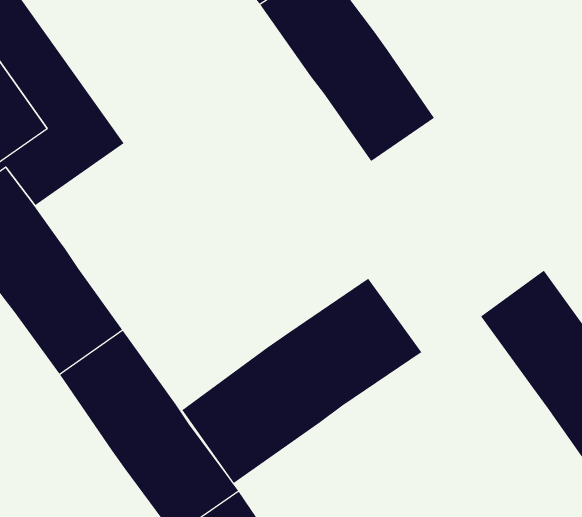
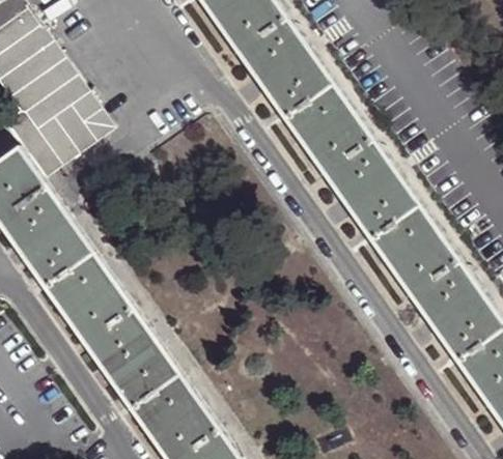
building: none -> [299,106,434,260]
building: [181,278,422,484] -> none

